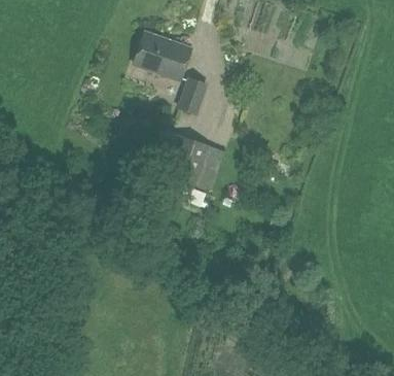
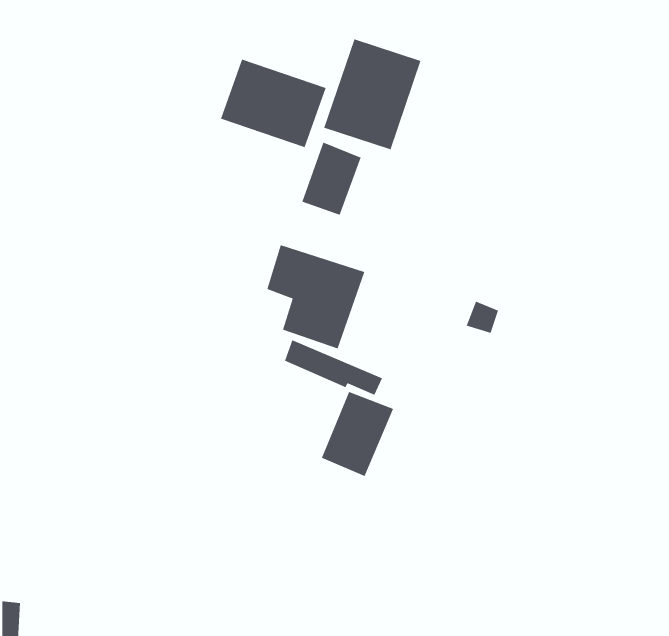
building: none -> [324,39,421,150]
building: none -> [321,391,394,477]

